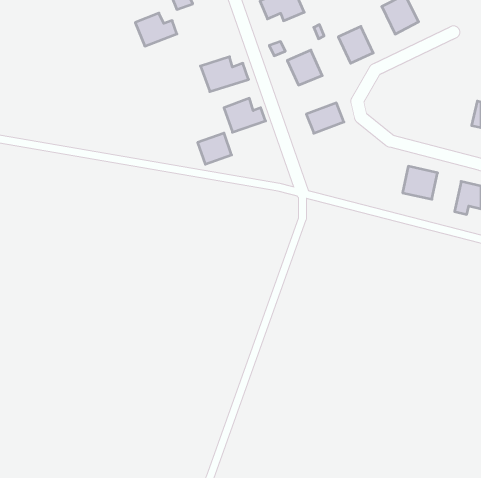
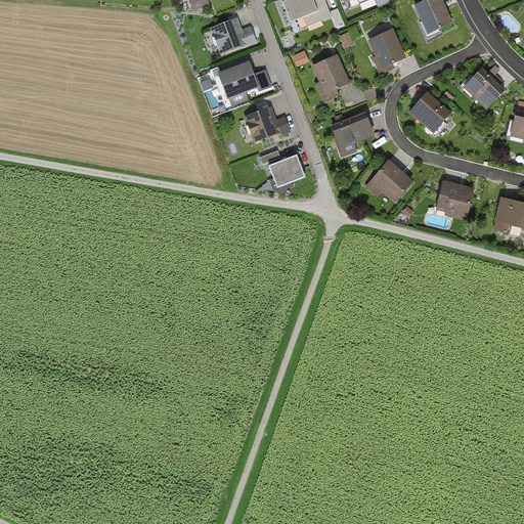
building: [135,13,177,46] -> [210,17,255,53]
building: none -> [463,67,505,107]
building: none -> [408,90,451,133]
building: [198,133,232,164] -> [268,155,305,188]
building: none -> [369,160,412,202]

